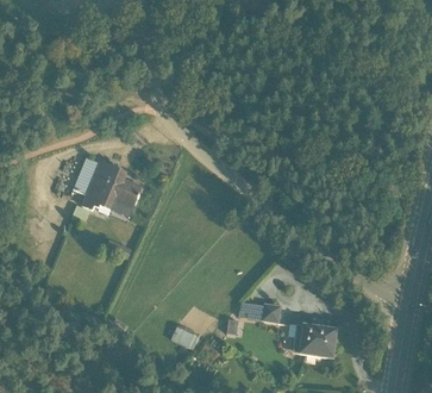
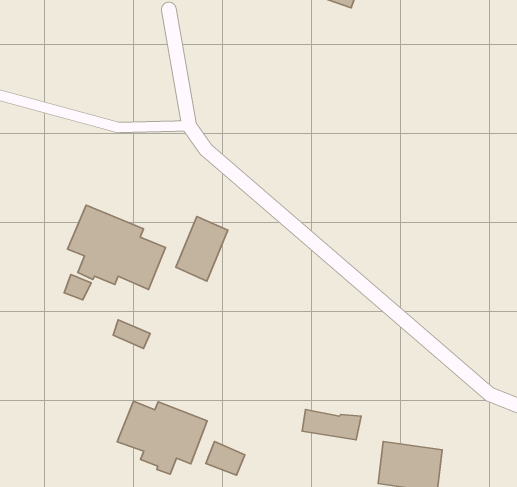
building: none -> [176,217,228,281]
building: none -> [117,401,207,474]

